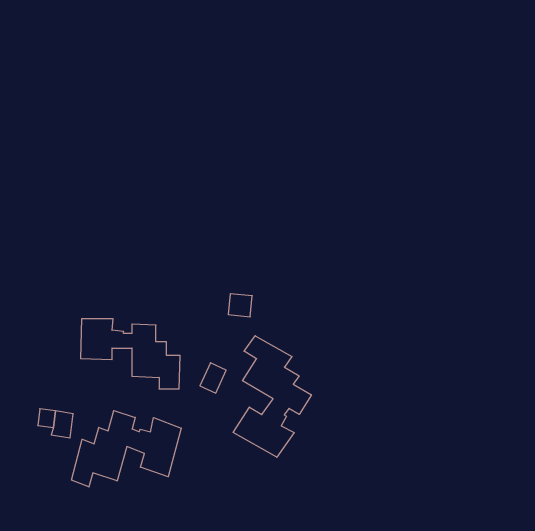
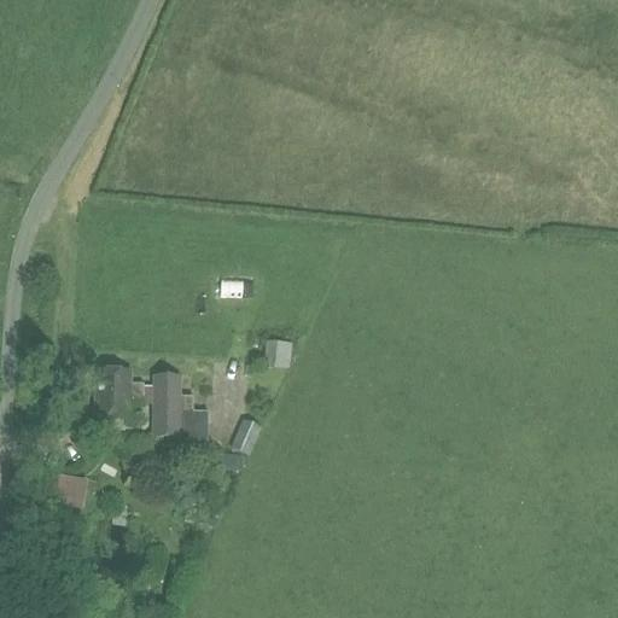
building: [233,336,311,457] -> none
building: [71,411,181,487] -> none

